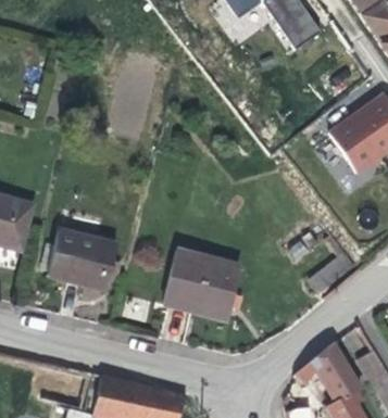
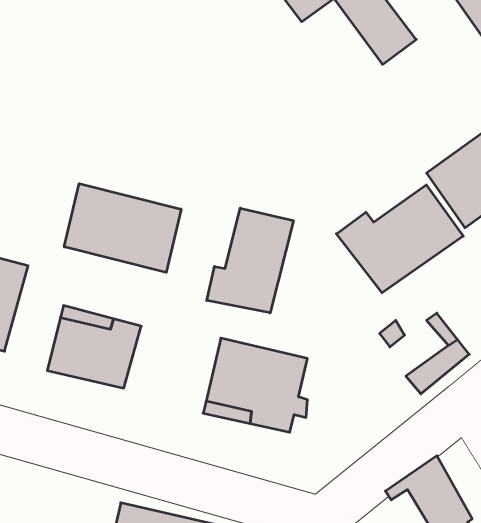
building: none -> [64,184,181,272]
building: none -> [336,185,463,293]
building: none -> [207,208,293,313]

